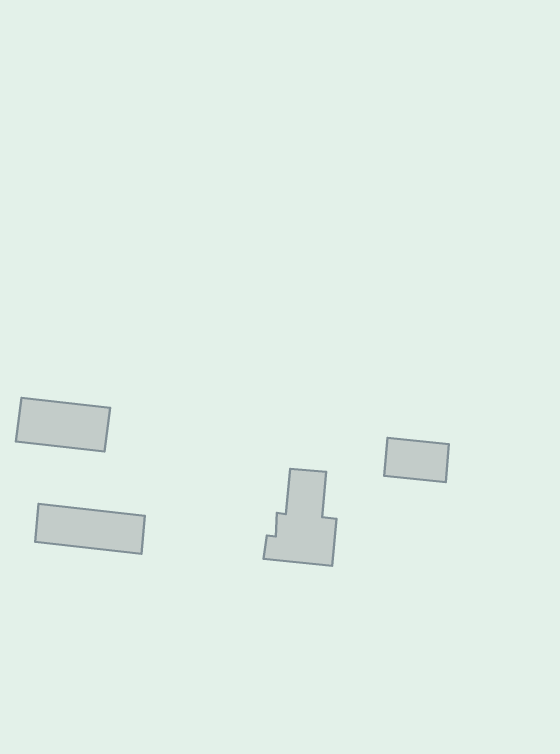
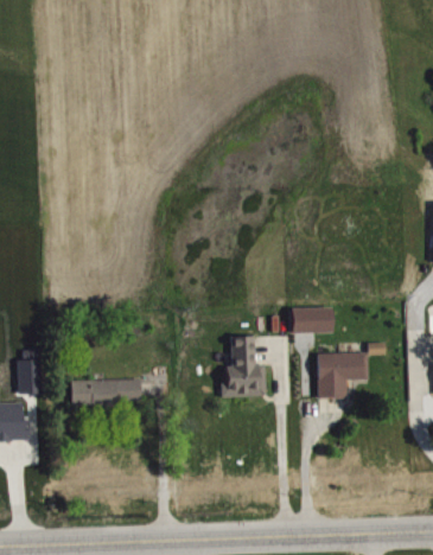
building: [16,398,110,451] -> none
building: none -> [317,352,368,398]

